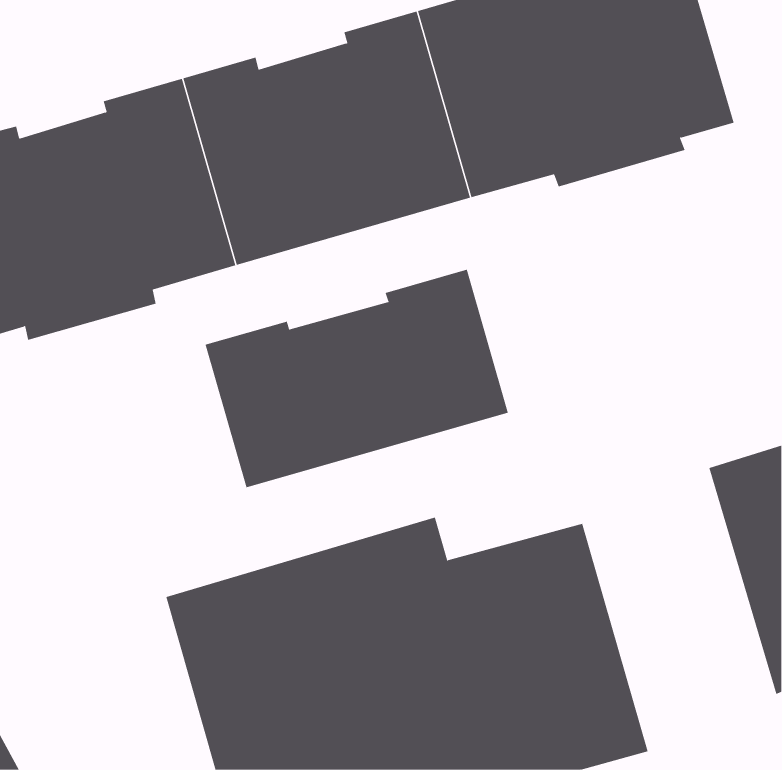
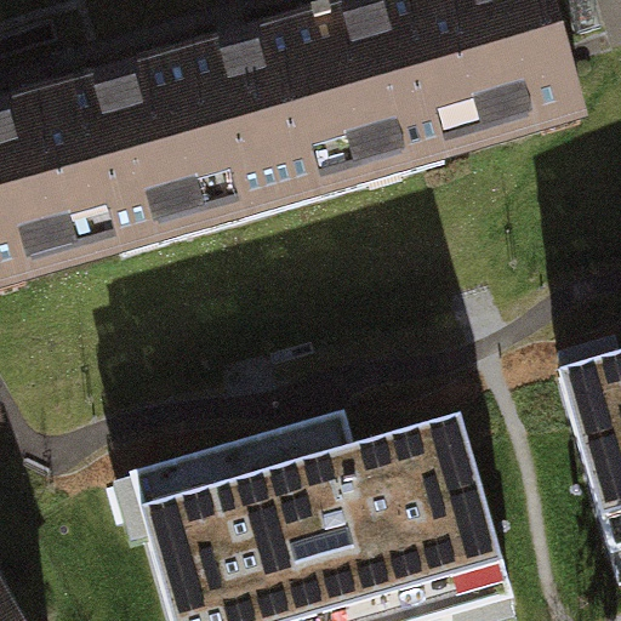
building: [205,269,509,488] -> none

